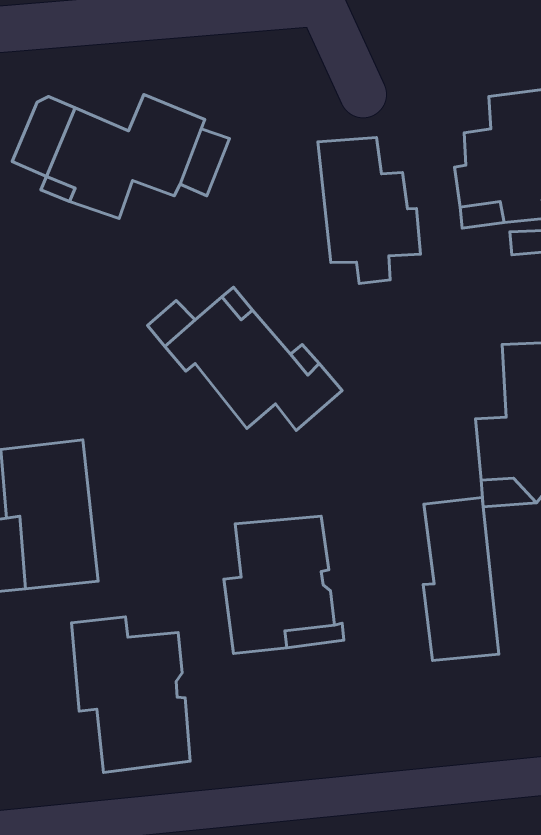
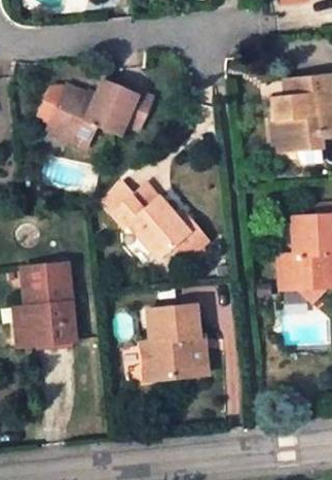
building: [318,137,420,284] -> none
building: [423,498,499,660] -> none
building: [71,617,190,772] -> none

